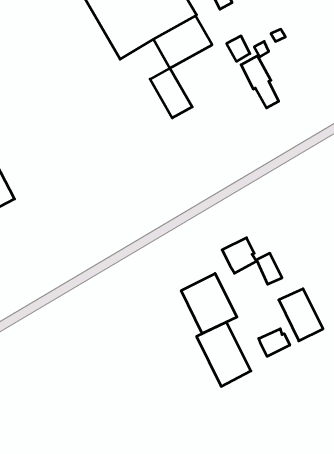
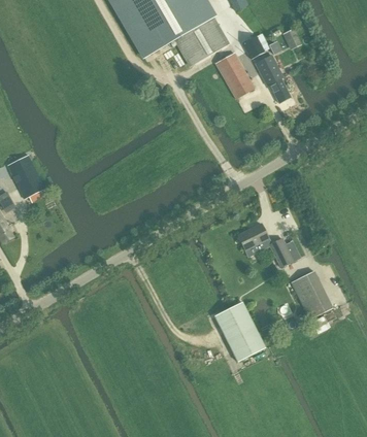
building: [150,68,192,118] -> [215,52,255,98]
building: [181,273,237,334] -> none
building: [259,329,290,356] -> none

